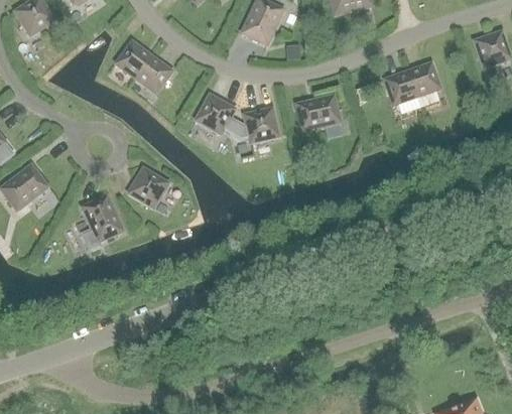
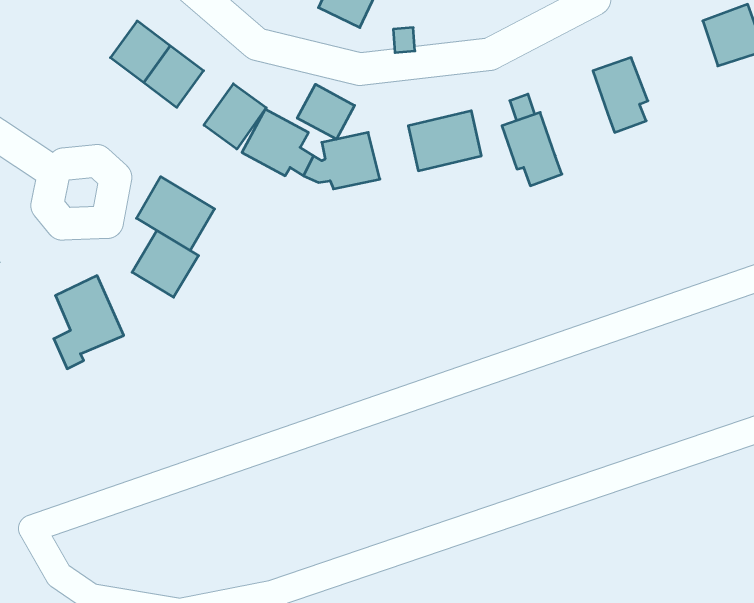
building: [384,70,420,114] -> [502,112,562,186]
building: none -> [204,84,266,149]
building: none -> [297,84,355,139]
building: none -> [136,177,215,251]

